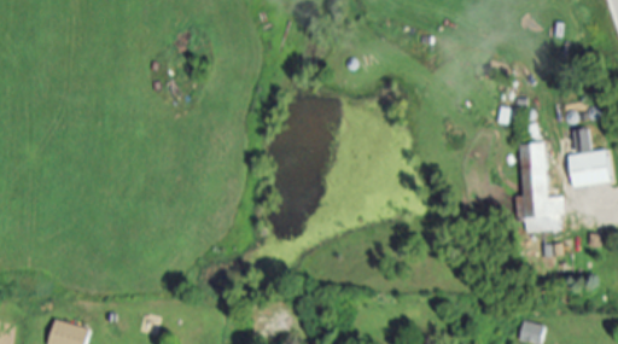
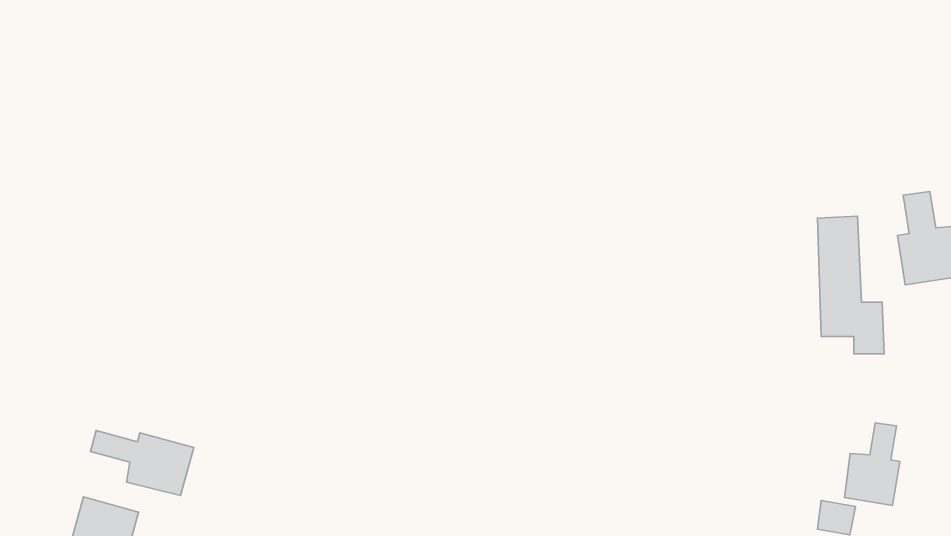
building: none -> [844,423,900,506]
building: none -> [91,430,194,495]

